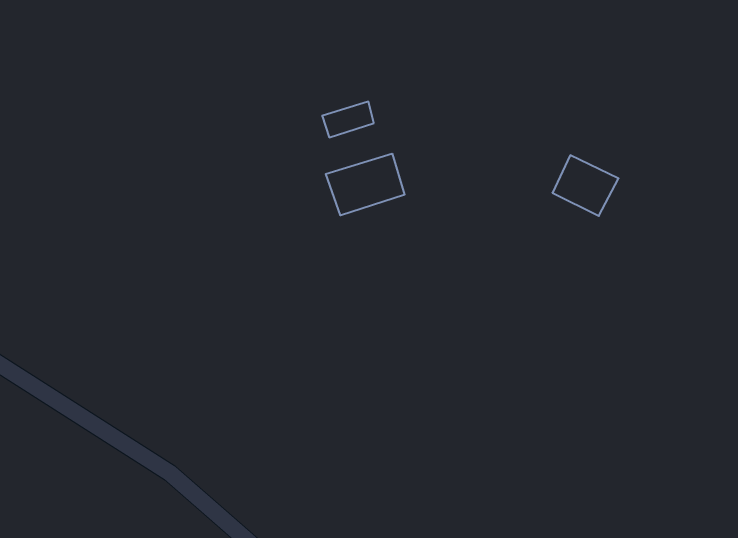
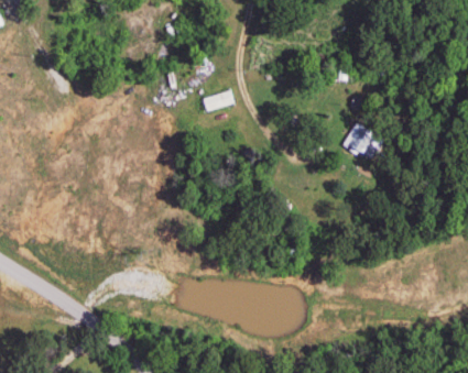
building: [326,154,405,215] -> none

